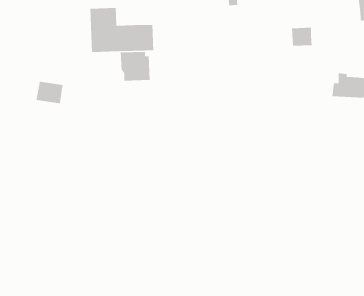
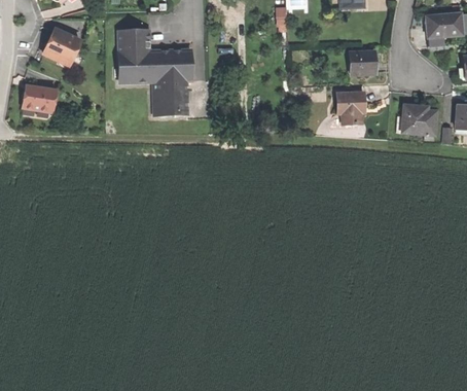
building: none -> [43,28,80,65]
building: none -> [335,93,363,125]
building: [36,81,63,104] -> [22,85,53,112]

